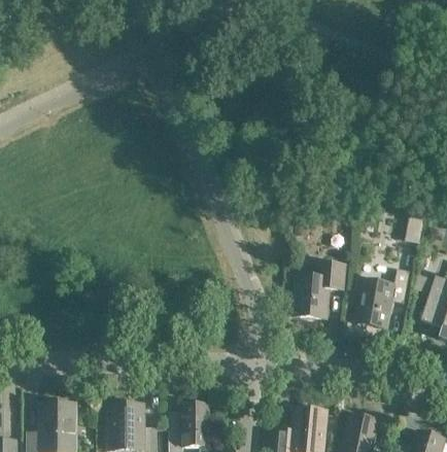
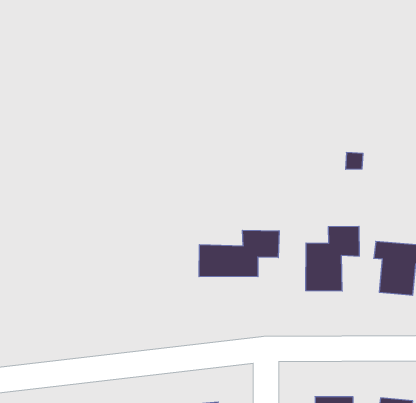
building: none -> [199,230,279,277]

